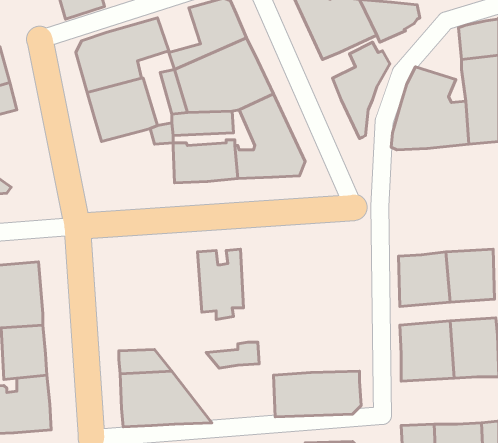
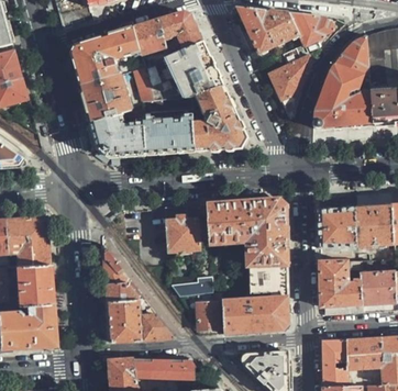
building: none -> [134,21,167,55]
building: none -> [332,36,367,76]
building: none -> [91,114,147,158]
building: none -> [209,201,289,300]
building: none -> [101,245,132,283]
building: none -> [181,294,217,331]

